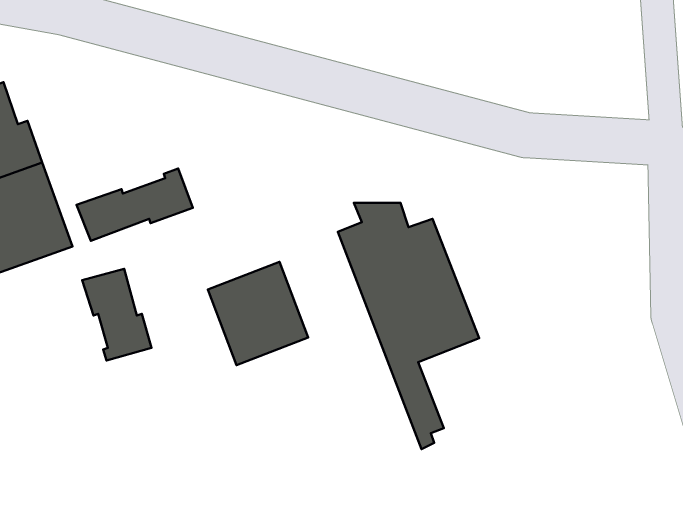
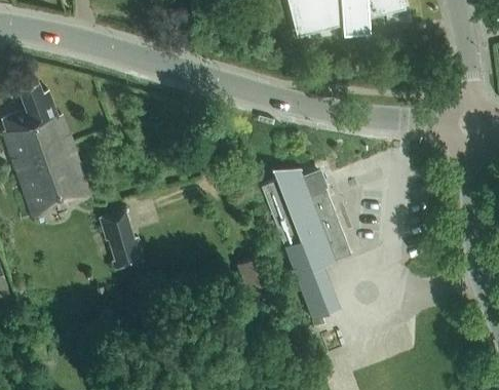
building: [76,169,193,241] -> none
building: [208,262,308,365] -> none

